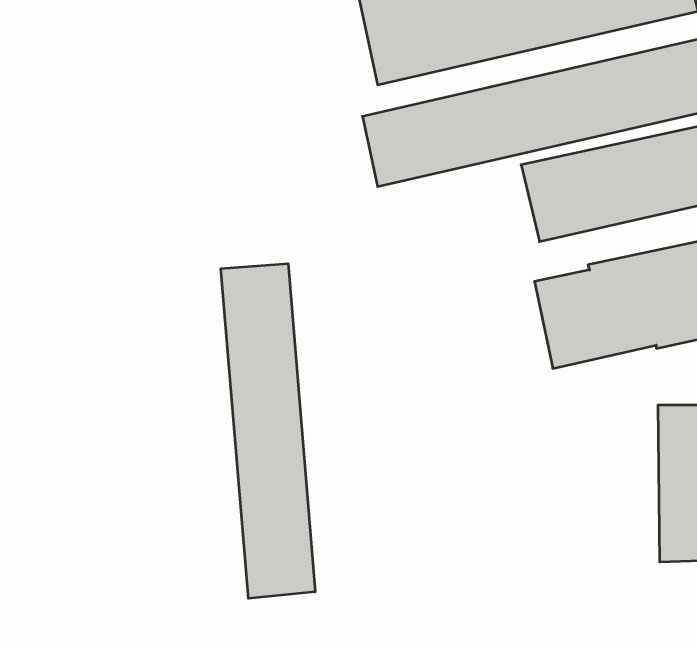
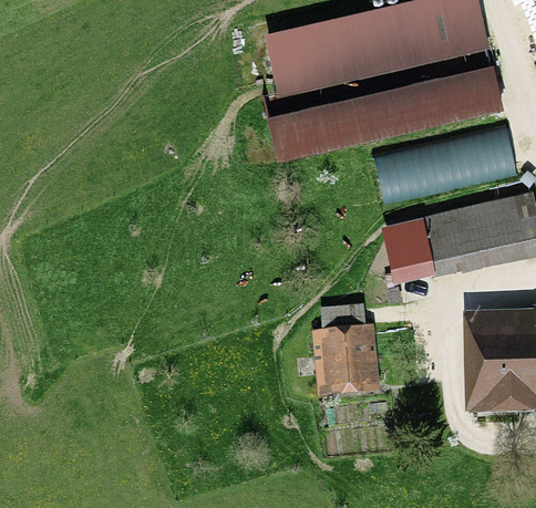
building: [221,264,315,598] -> none
building: none -> [312,301,380,394]

